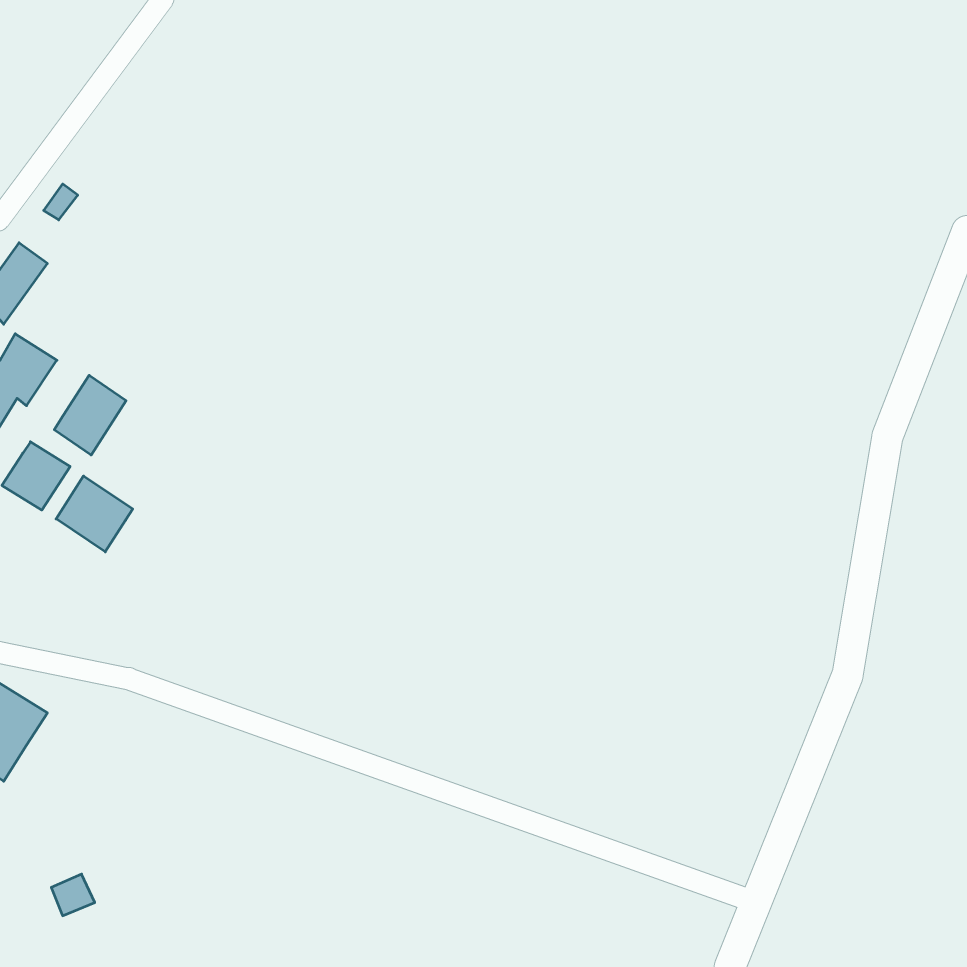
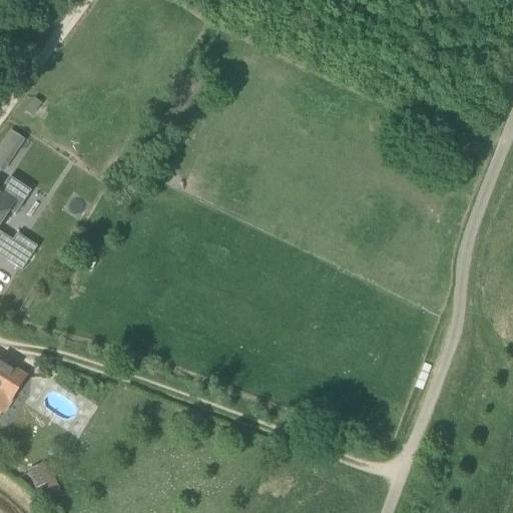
building: [54,375,126,455] -> none
building: [56,476,133,552] -> none

